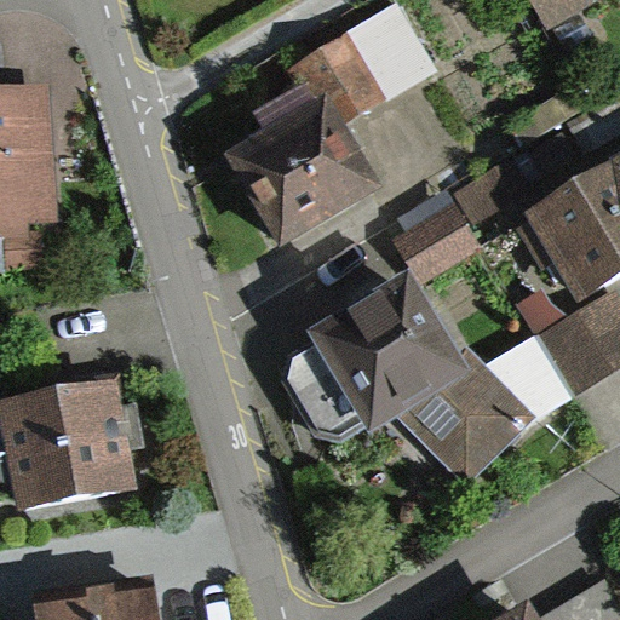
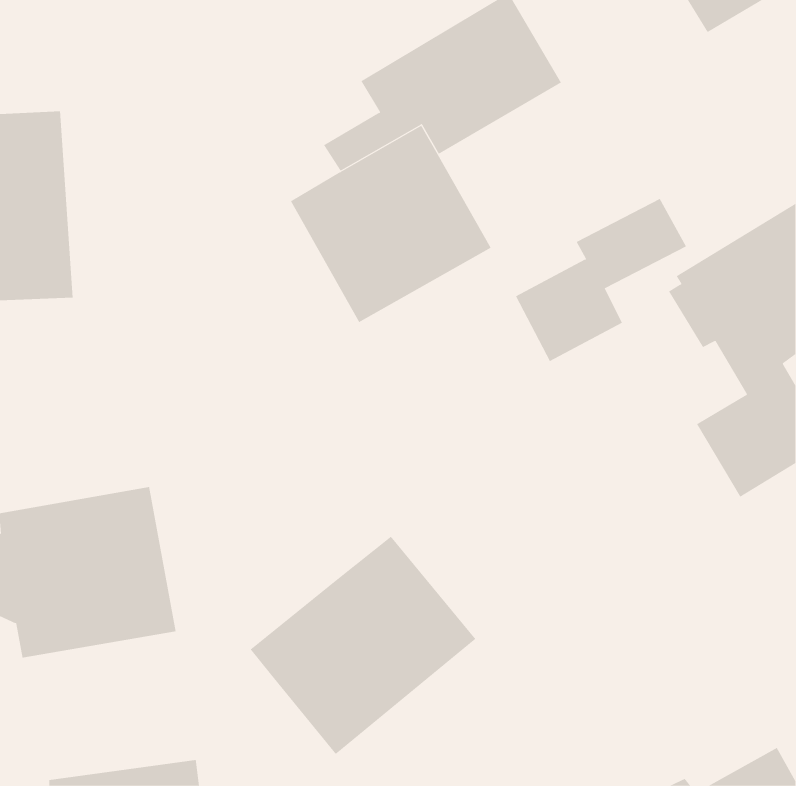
building: [291,270,534,482] -> none
building: none -> [250,536,476,755]

